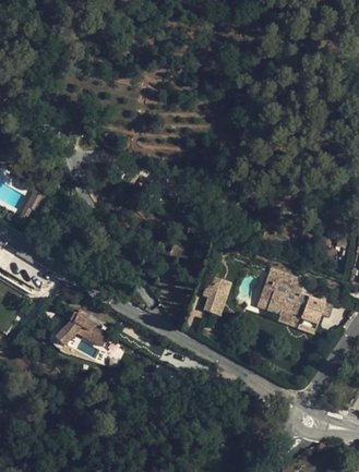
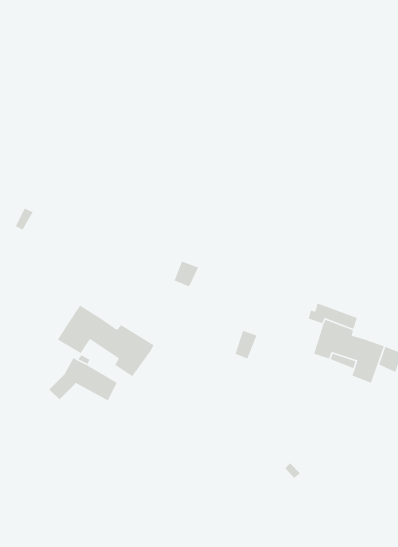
building: none -> [57,304,154,377]

